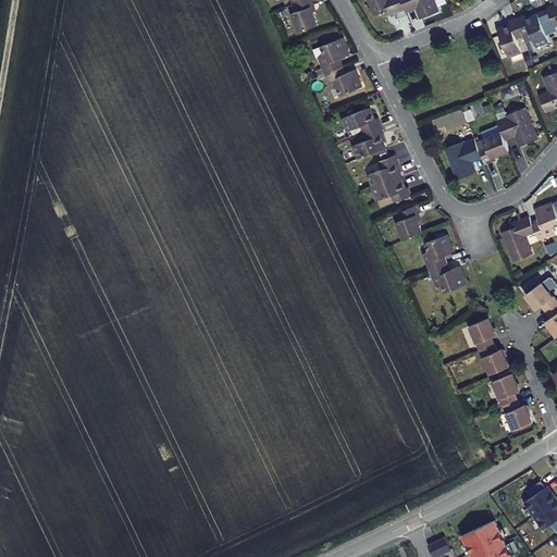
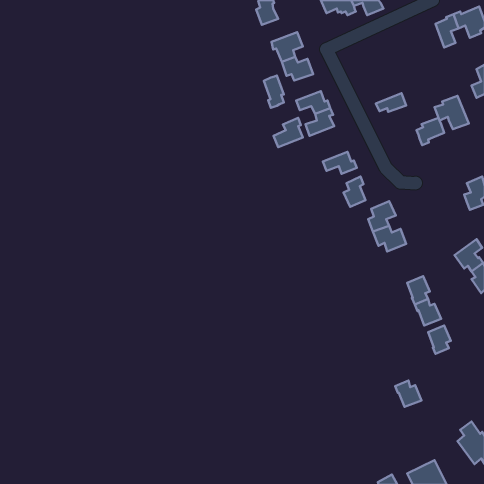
building: none -> [264,76,284,108]
building: [446,141,481,182] -> none
building: [366,152,399,186] -> [273,118,303,147]
building: [502,216,536,261] -> none
building: [500,400,531,431] -> [395,380,422,407]

